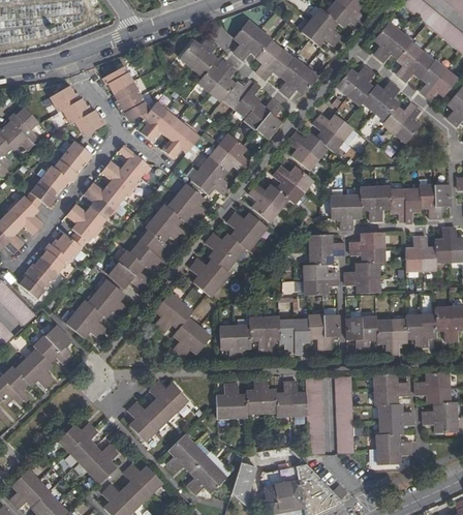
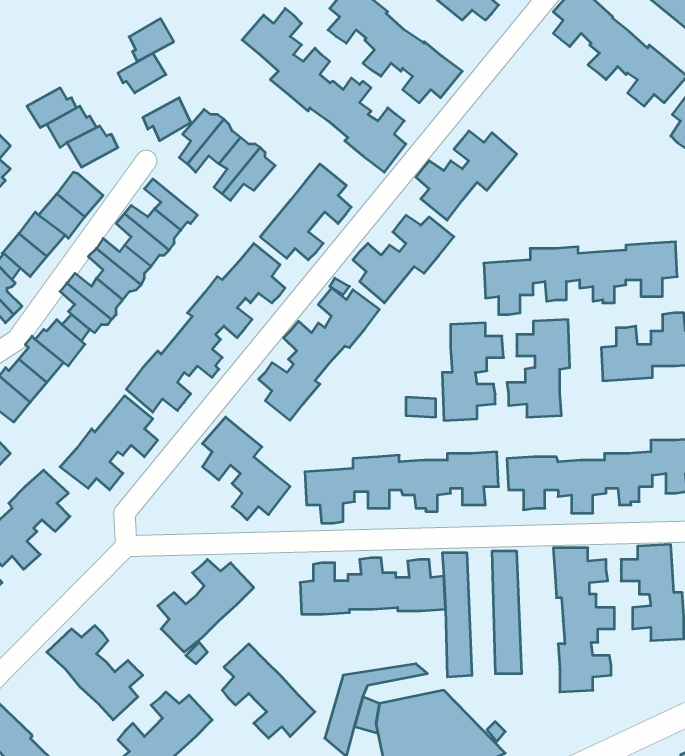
building: [337,66,420,142] -> none
building: [113,79,141,105] -> [129,19,174,62]

